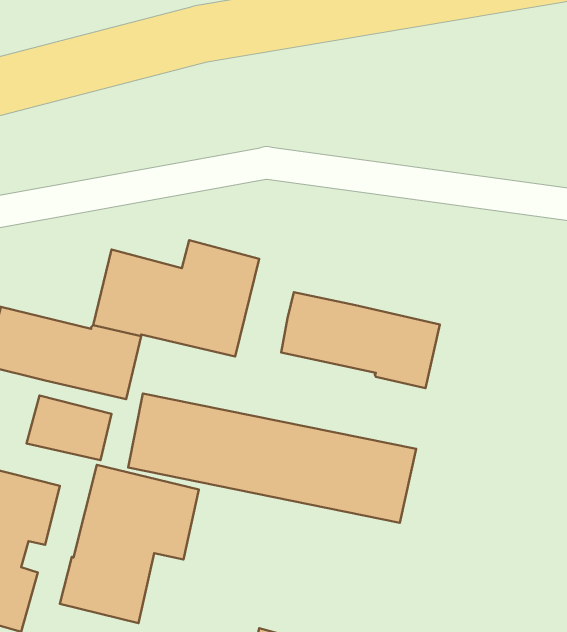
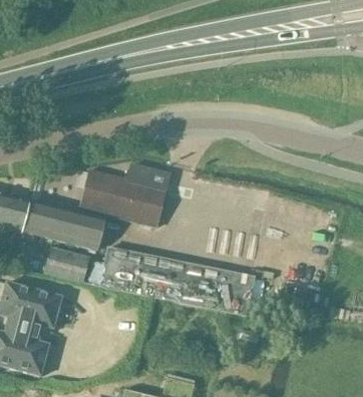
building: [281,292,440,388] -> none
building: [60,465,199,623] -> none

